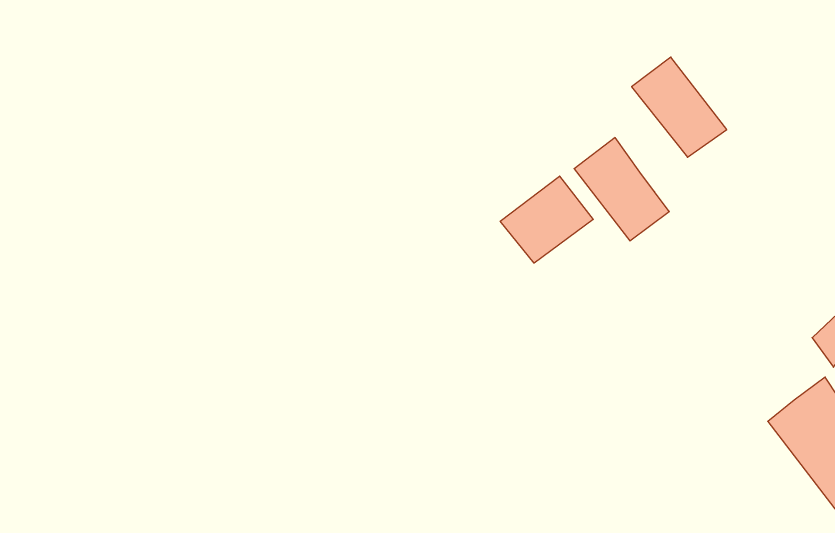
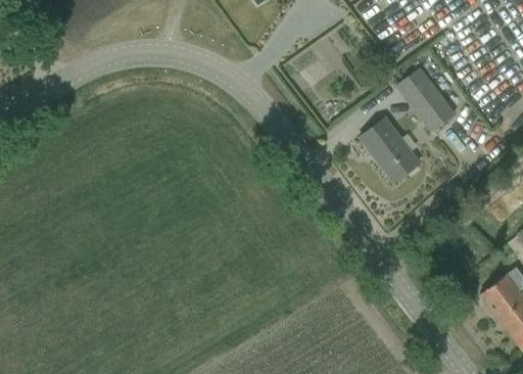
building: [500,176,593,263] -> none

